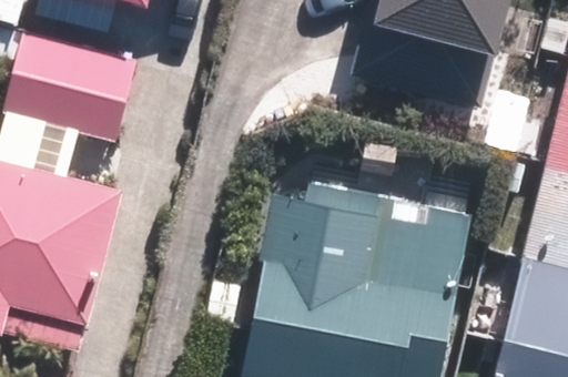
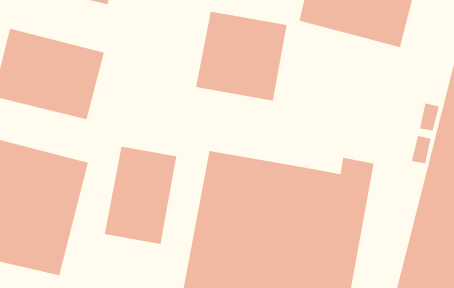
building: none -> [195,11,287,102]
building: none -> [104,146,177,245]

